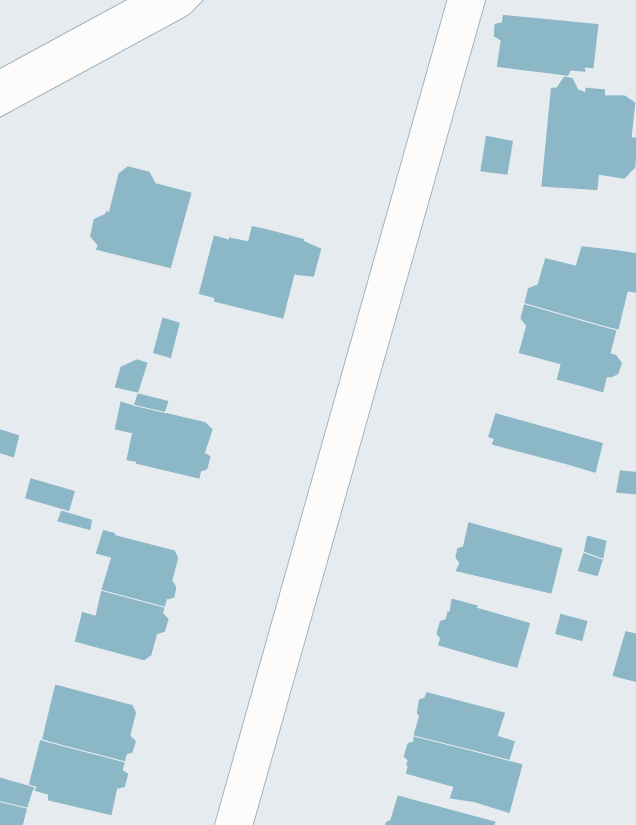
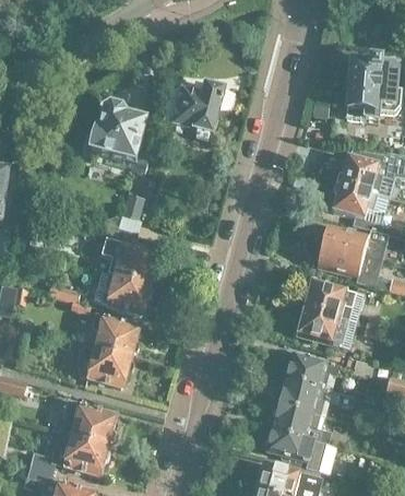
building: [493,14,599,76] -> none
building: [198,225,322,319] -> [164,81,235,134]
building: none -> [319,228,388,262]
building: none -> [93,271,152,314]
building: none -> [303,280,365,322]
building: none -> [278,378,355,416]

